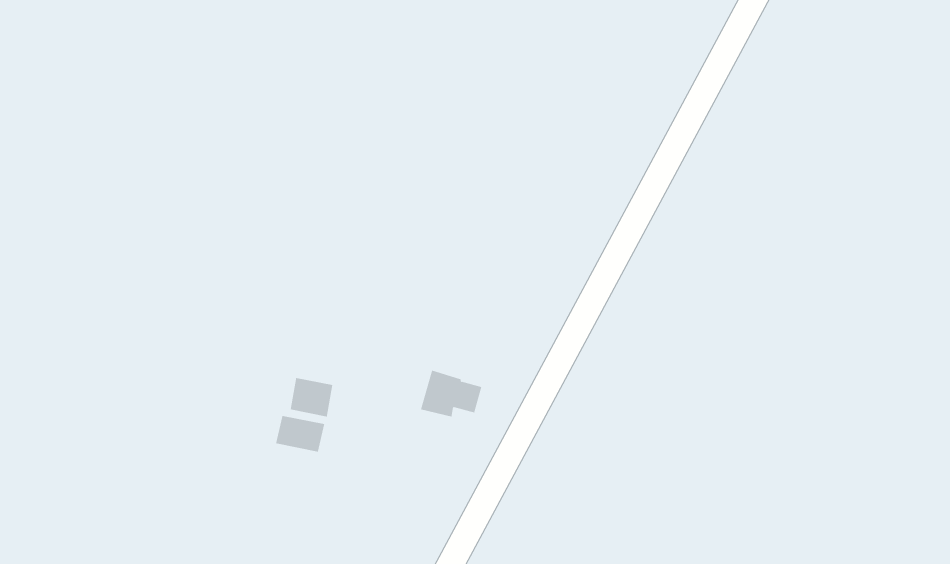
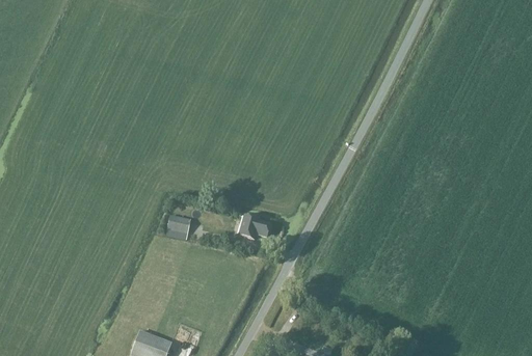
building: [276,415,325,452] -> none

